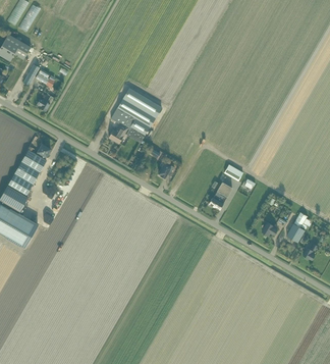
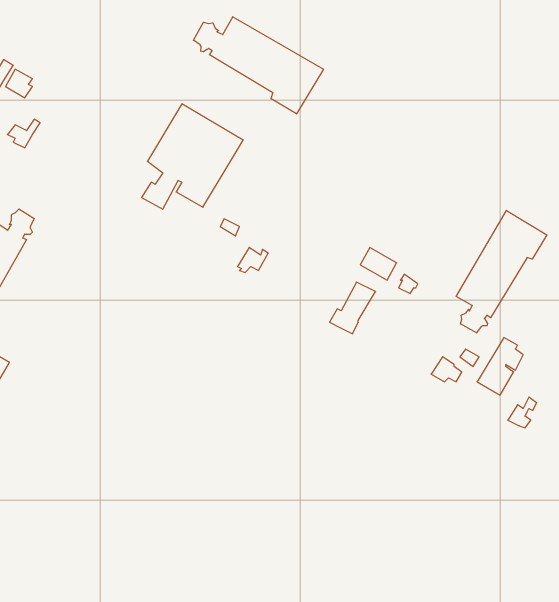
building: none -> [193,17,323,114]
building: none -> [456,210,547,333]

